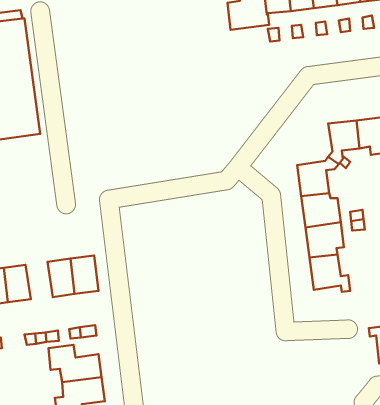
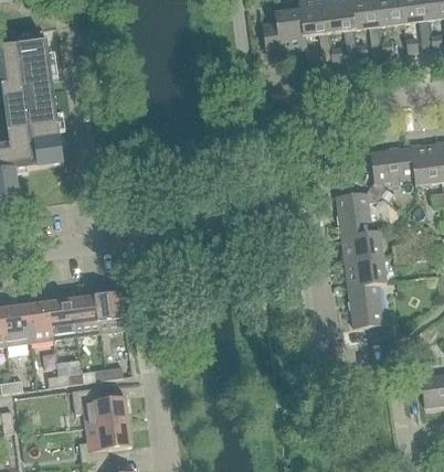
building: none -> [47,299,76,339]

